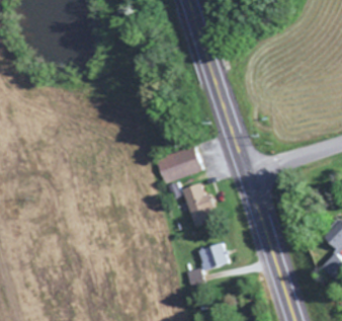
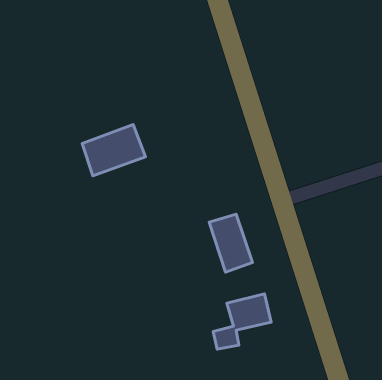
building: [155,145,202,183] -> [82,124,145,176]

